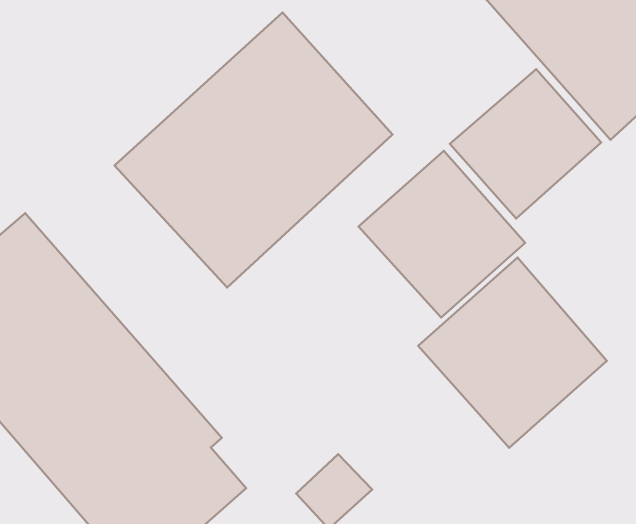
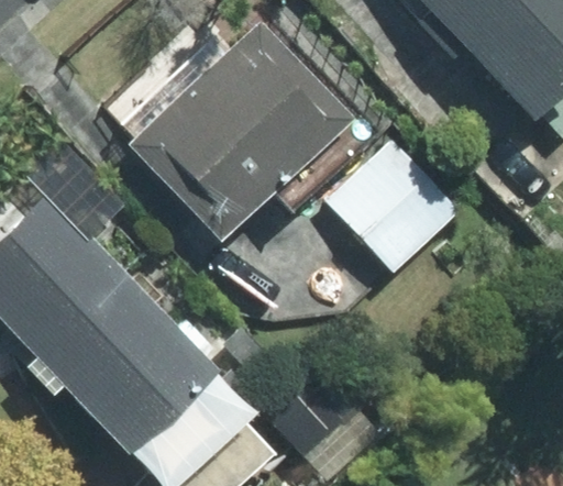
building: [450,69,601,219] -> none
building: [418,257,607,448] -> none

